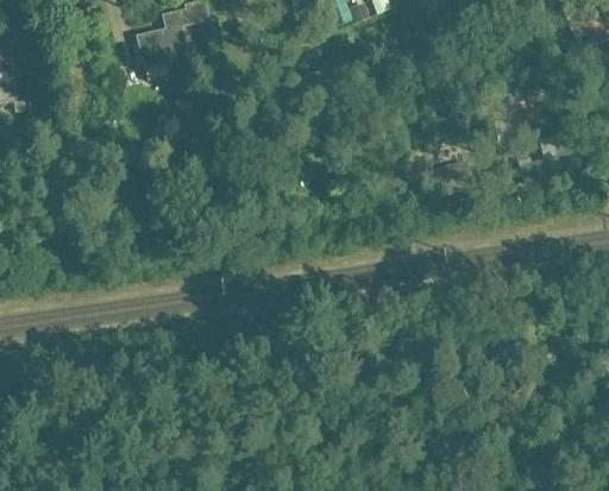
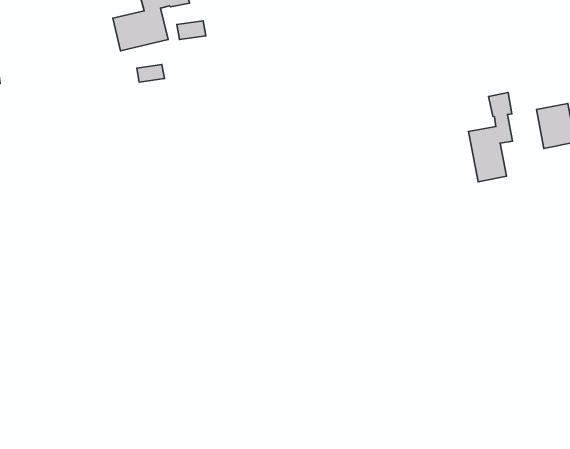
building: none -> [469,92,512,182]

